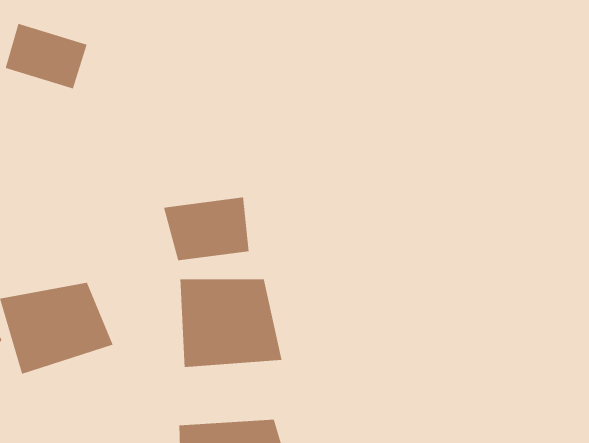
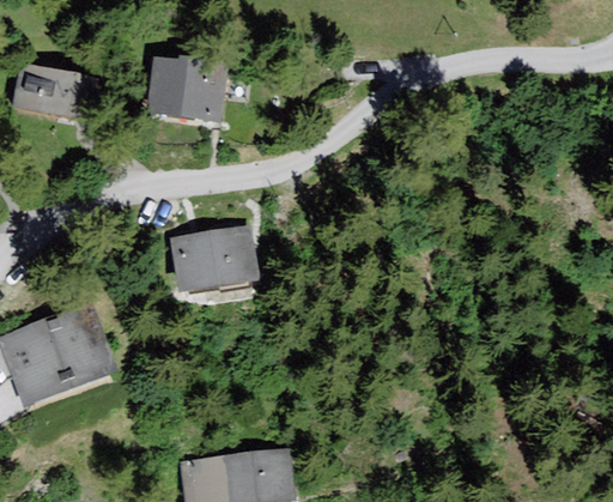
building: none -> [156,67,229,123]
building: [180,279,282,368] -> none

